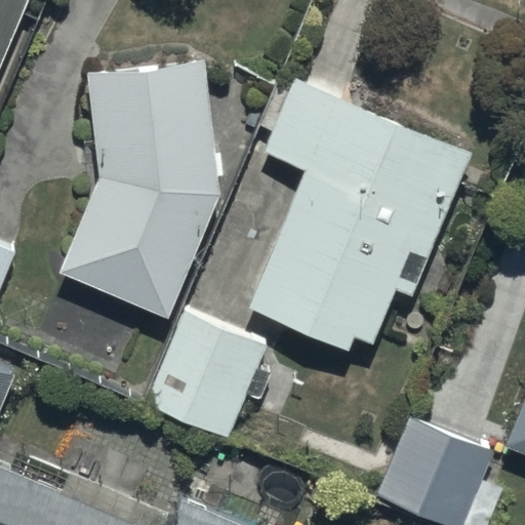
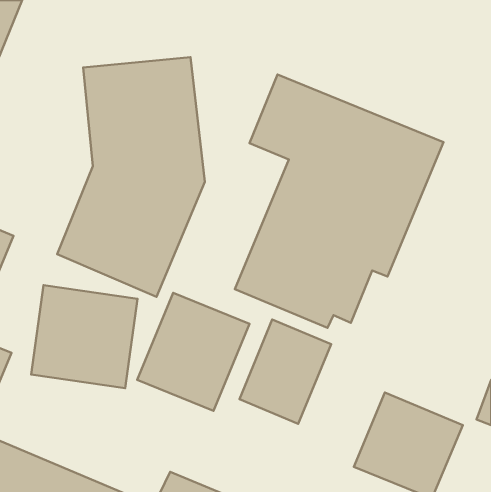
building: none -> [31,285,138,388]
building: none -> [239,319,331,424]

